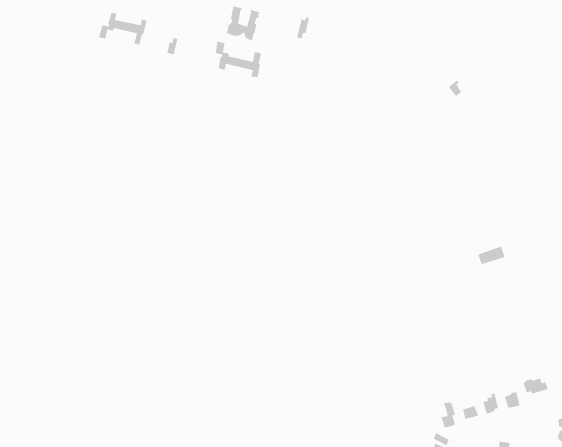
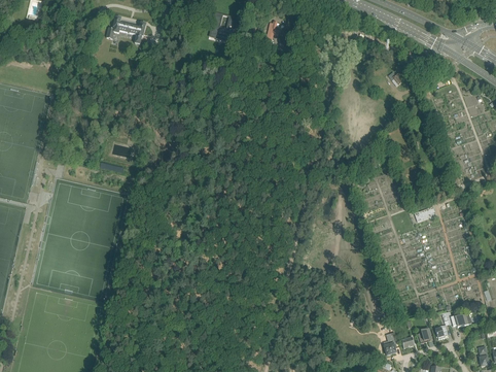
building: [215,41,261,78] -> none

